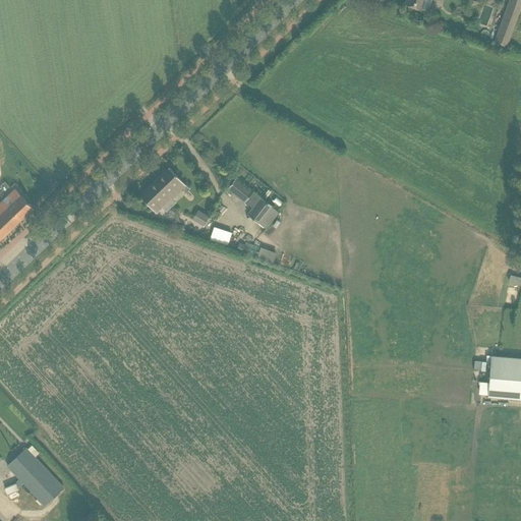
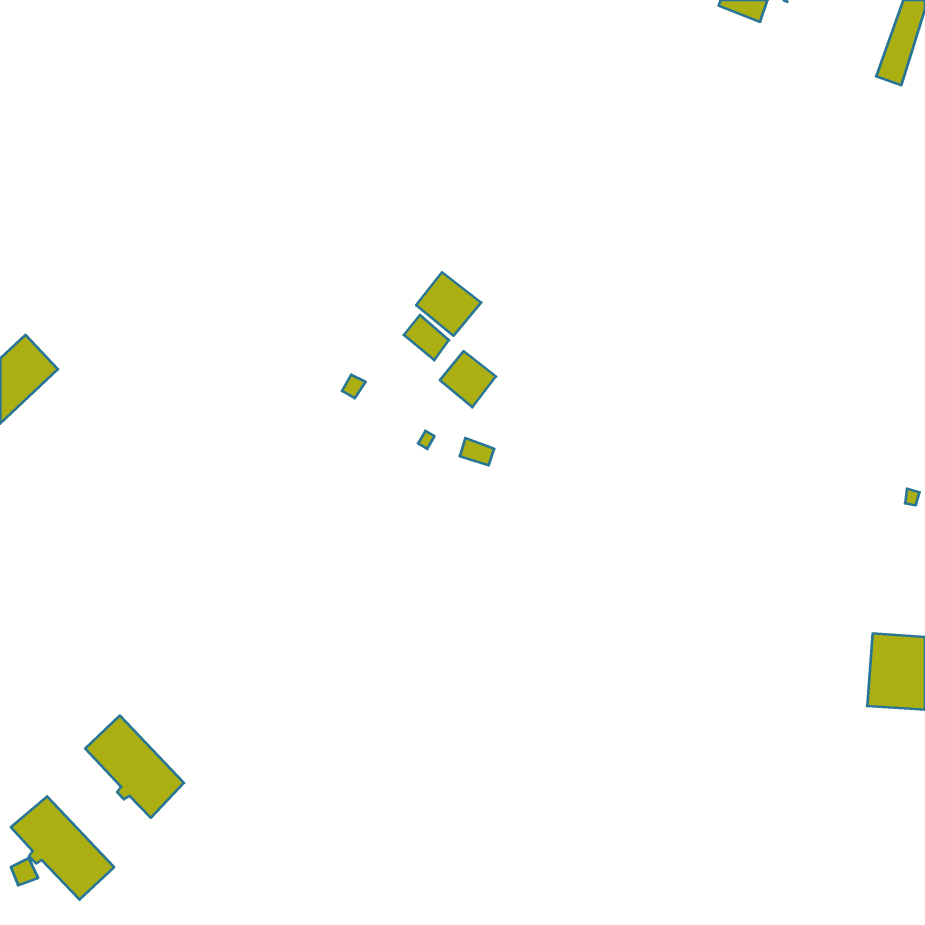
building: none -> [416,272,481,336]
building: [140,168,187,213] -> none
building: none -> [85,716,184,818]

